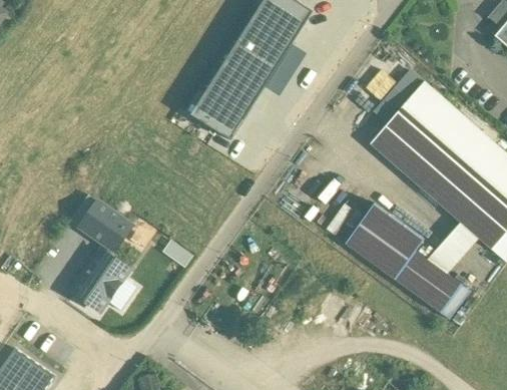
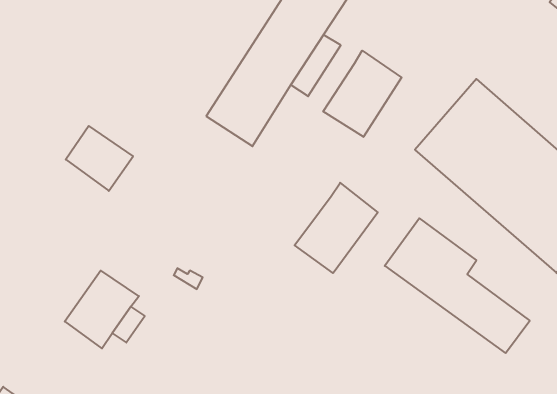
building: none -> [323,51,402,137]
building: none -> [295,183,378,273]
building: [77,198,135,254] -> [66,126,133,191]

